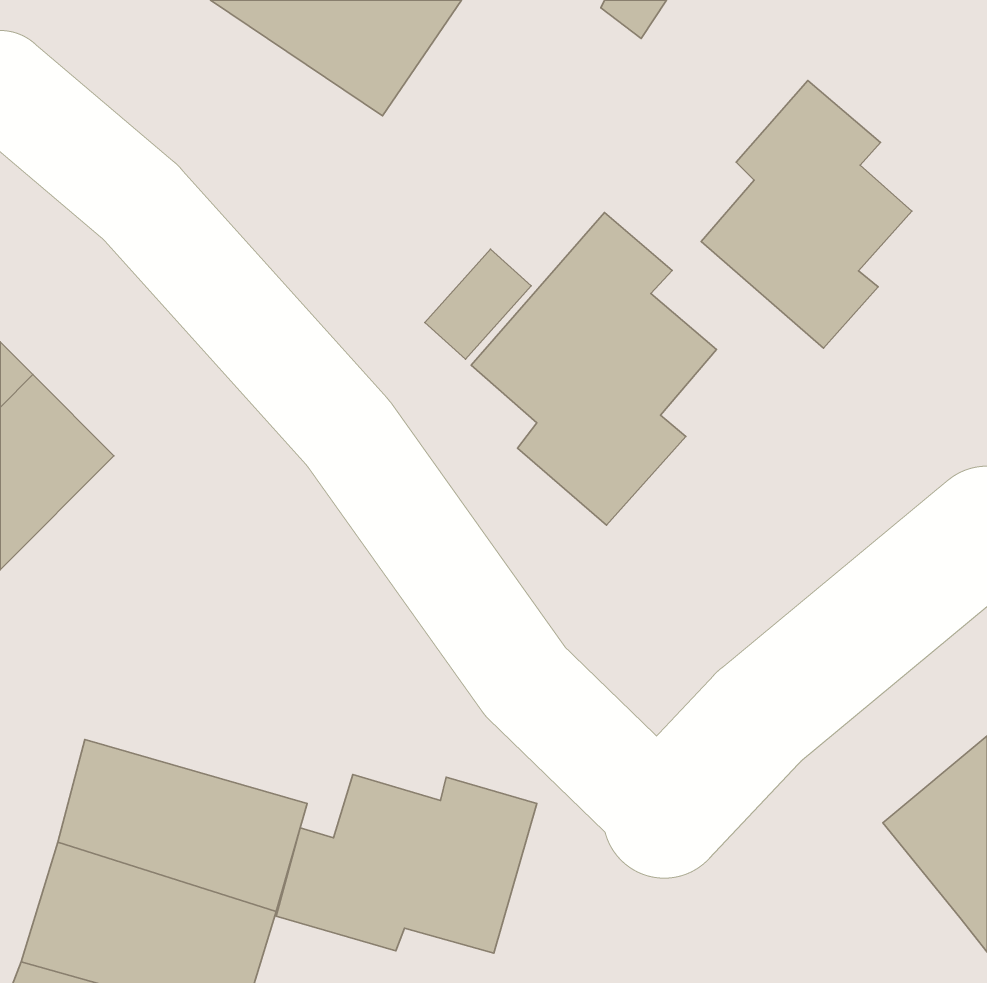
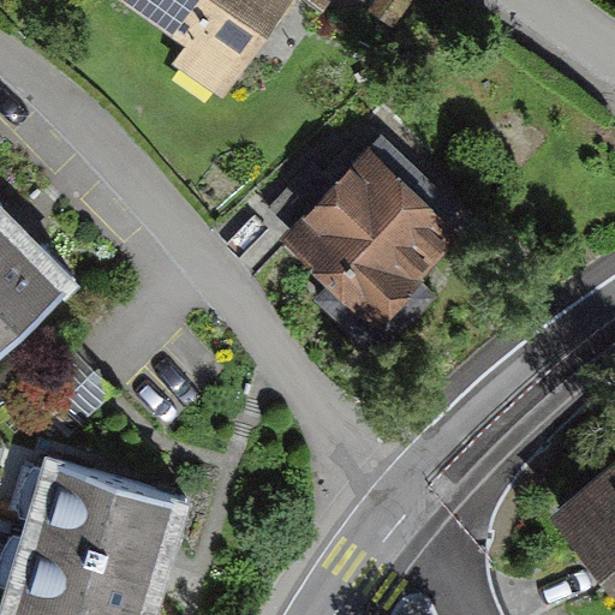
building: [701,81,912,348] -> none
building: [276,775,537,953] -> none

